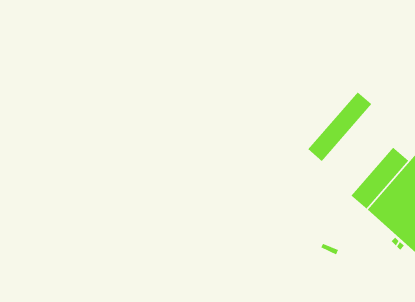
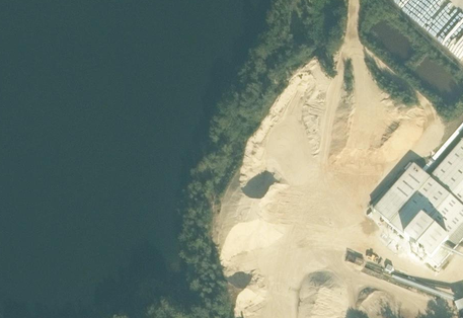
building: [308,91,372,162] -> none

